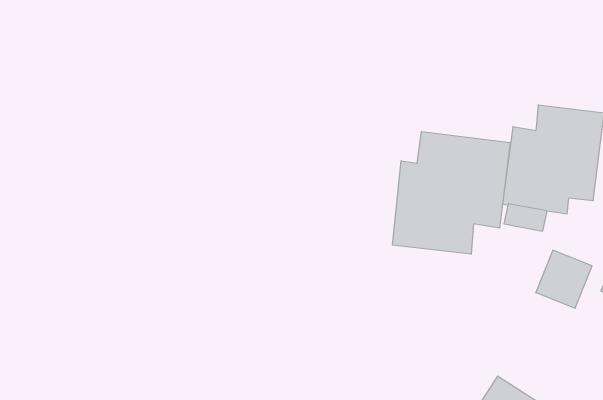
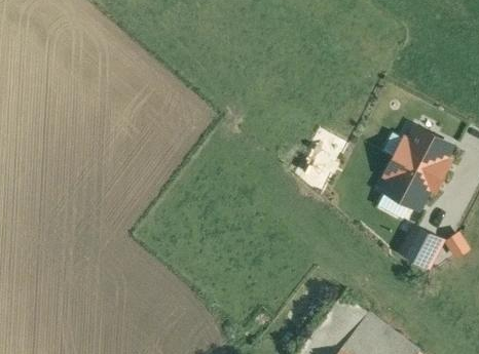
building: [392,132,510,254] -> none

